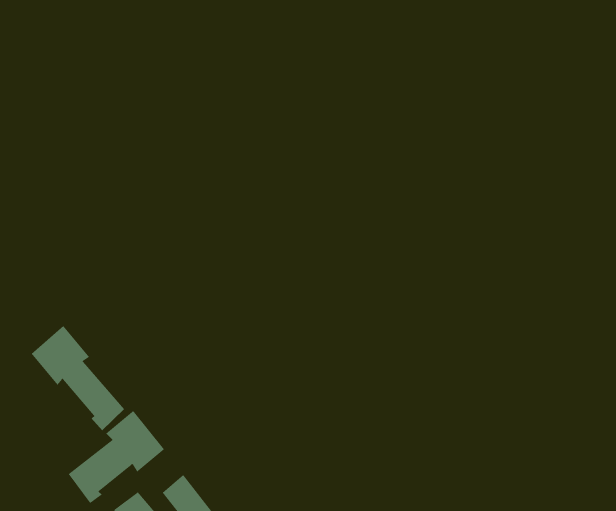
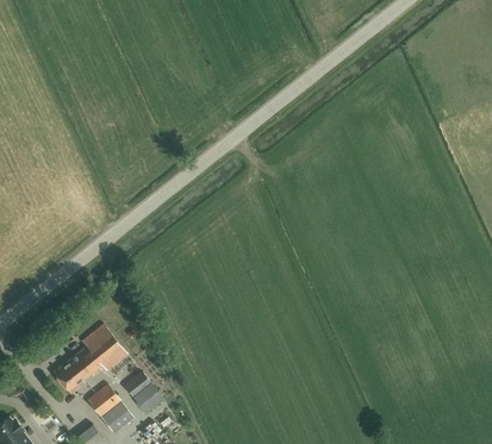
building: [31,325,125,431] -> none

